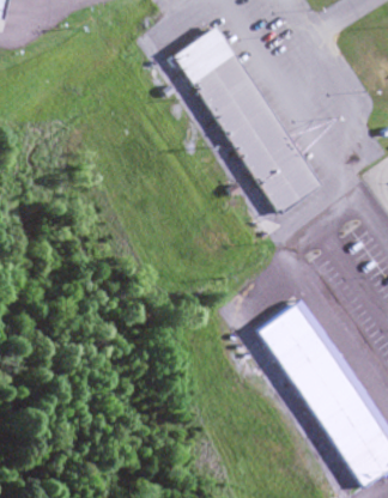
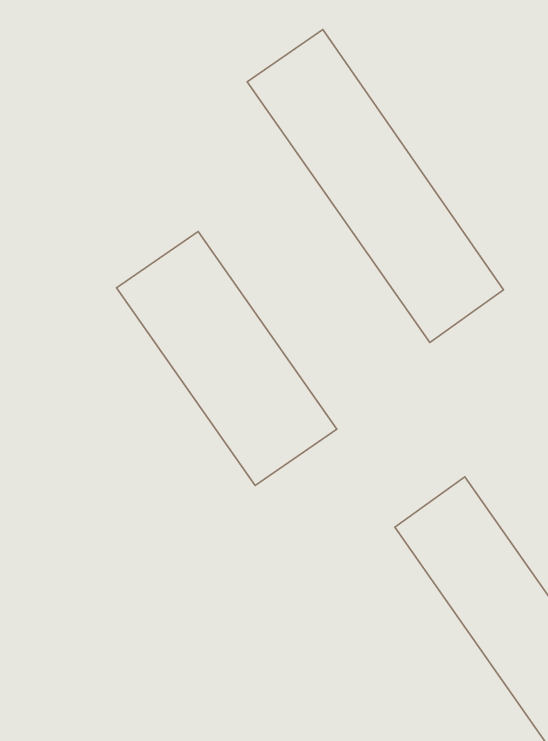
building: none -> [116,232,337,486]

